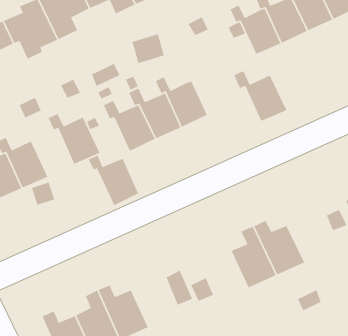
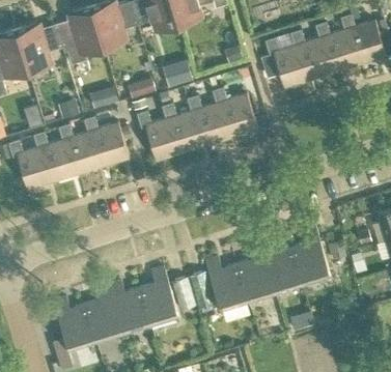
building: [233,70,287,122] -> [212,87,257,137]
building: [87,154,139,206] -> [58,124,102,174]
building: none -> [290,227,330,285]
building: none -> [204,257,247,311]
building: none -> [139,267,178,325]

